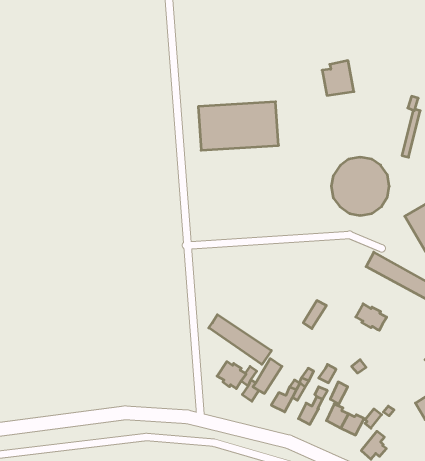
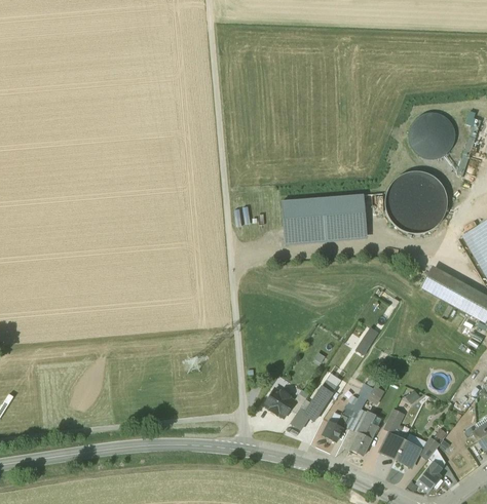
building: [322,61,354,95] -> [417,117,451,154]
building: [198,102,279,150] -> [284,188,369,239]
building: [356,304,387,330] -> none
building: [209,315,271,364] -> none

